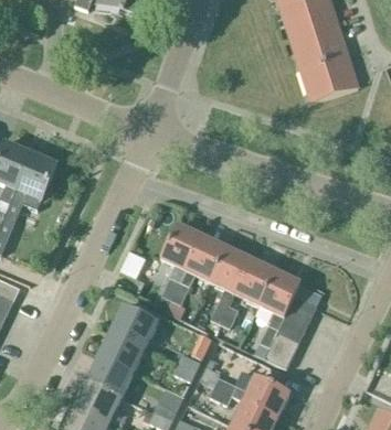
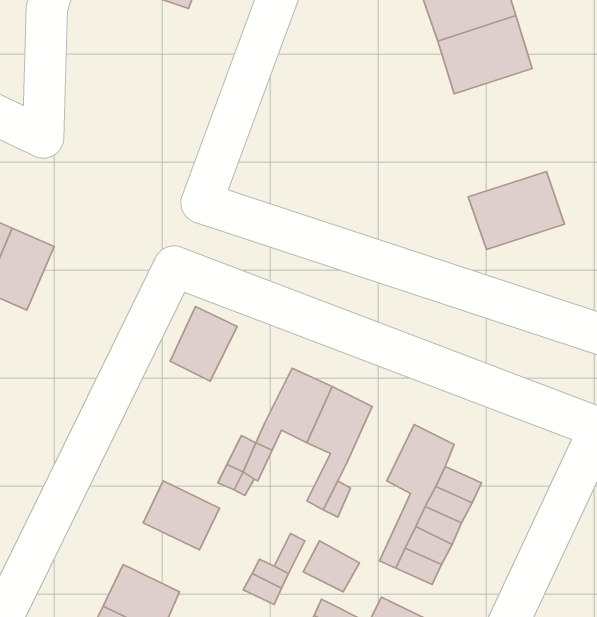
building: [300,53,359,100] -> [468,171,565,250]
building: [161,223,202,268] -> [170,307,237,381]
building: [235,258,276,303] -> none
building: [99,329,146,370] -> none

